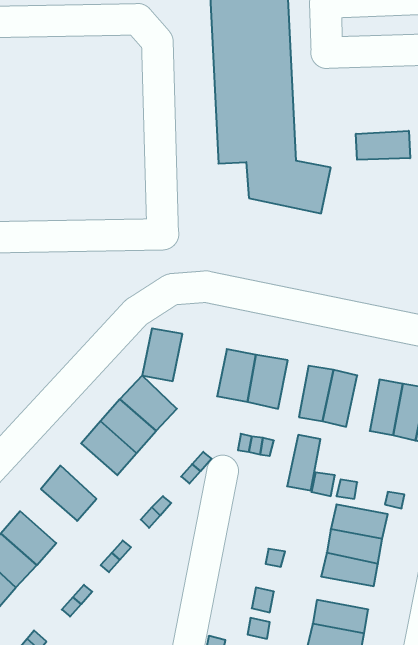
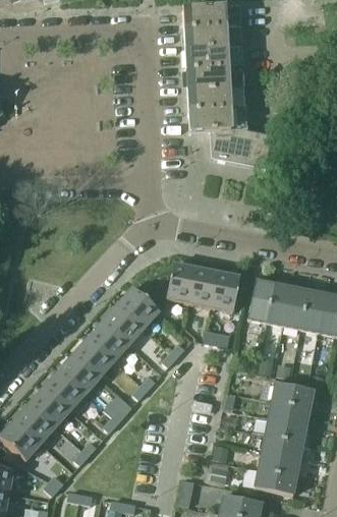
building: [356,131,410,160] -> none
building: [142,328,182,381] -> [166,263,195,301]
building: [287,435,320,490] -> [283,286,307,327]
building: none -> [73,336,115,377]
building: none -> [44,369,86,409]
building: none -> [262,434,303,458]

